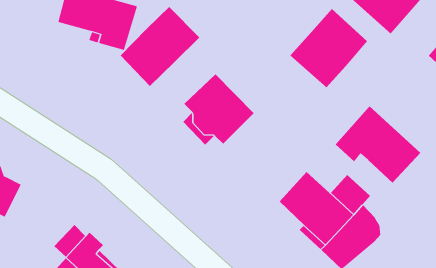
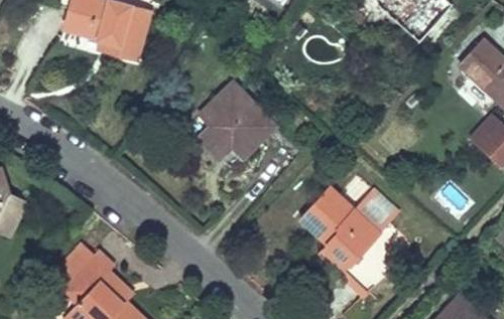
building: [120,6,200,87] -> none
building: [290,8,368,88] -> none
building: [335,105,421,183] -> none

